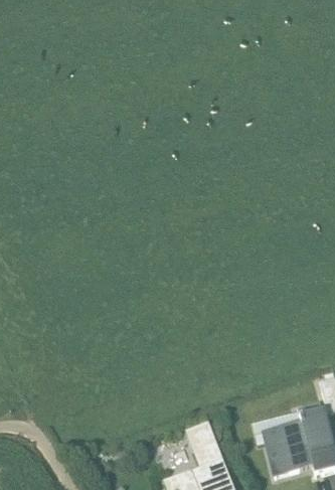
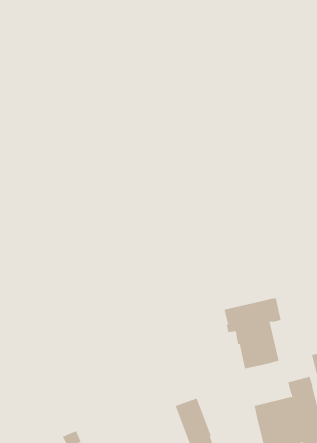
building: none -> [224,297,281,369]

